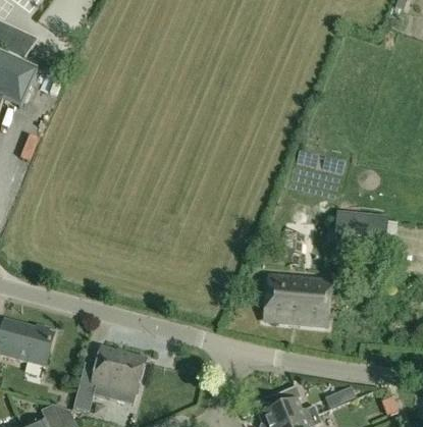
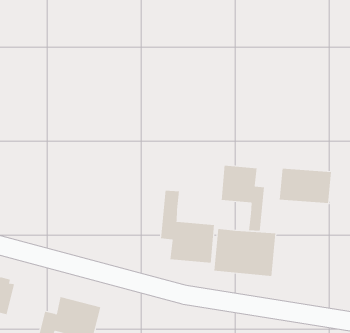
building: none -> [221,165,264,232]
building: none -> [161,190,214,264]

